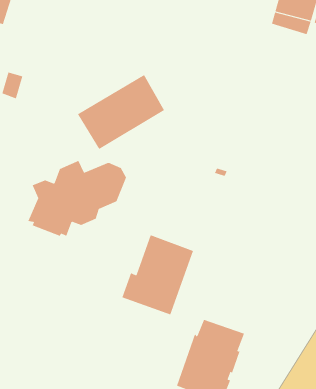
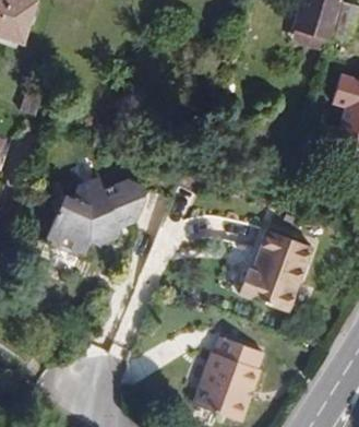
building: [77,74,165,150] -> none
building: [122,234,194,315] -> [241,228,313,309]

